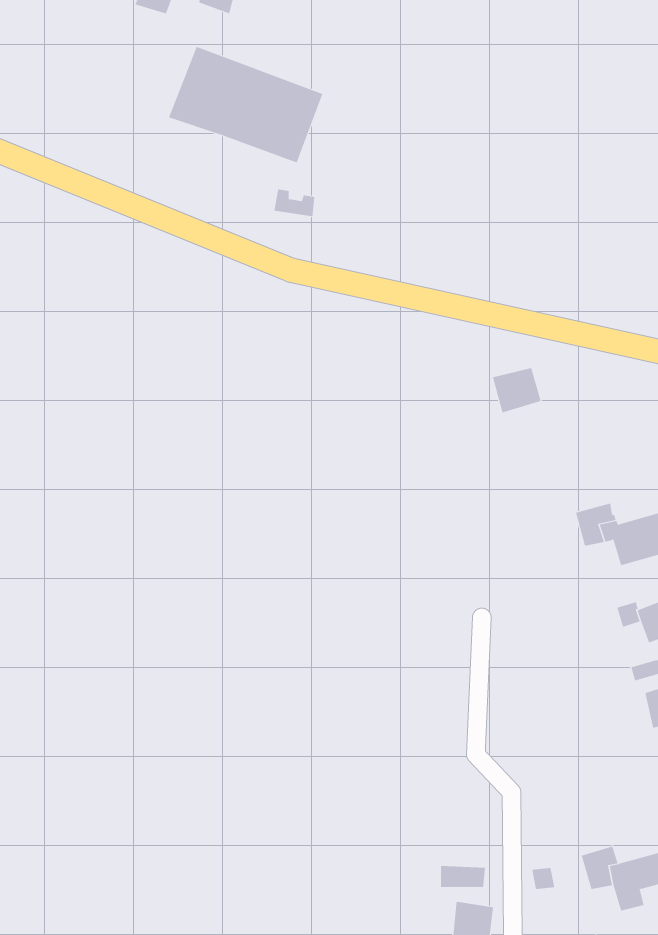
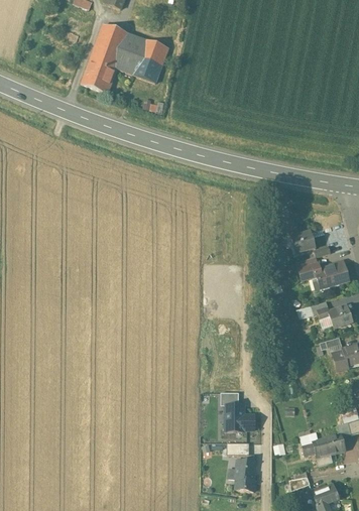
building: none -> [82,60,117,94]
building: [492,367,542,413] -> [290,229,316,252]
building: none -> [225,404,253,429]

